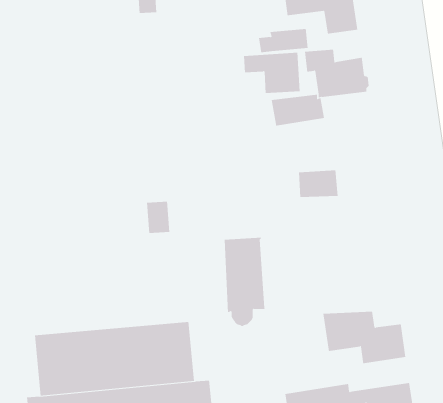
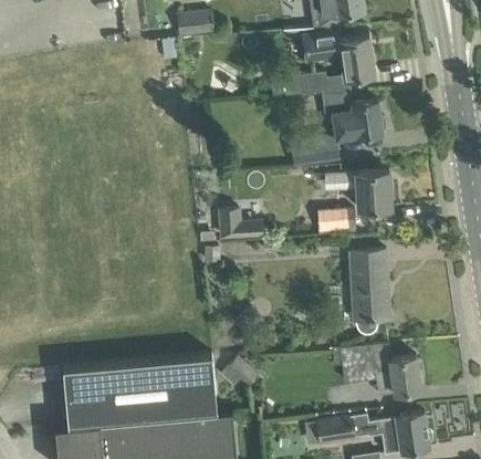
building: [243,52,301,94] -> [336,173,391,212]
building: [146,201,170,233] -> [219,207,242,238]
building: [224,237,266,327] -> [349,251,390,337]

